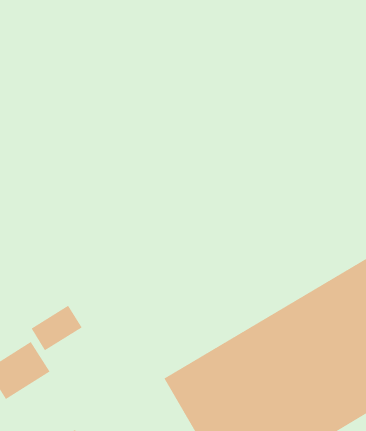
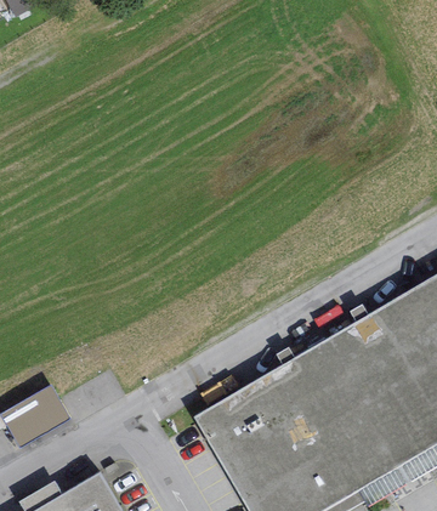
building: [31,305,83,351] -> none

